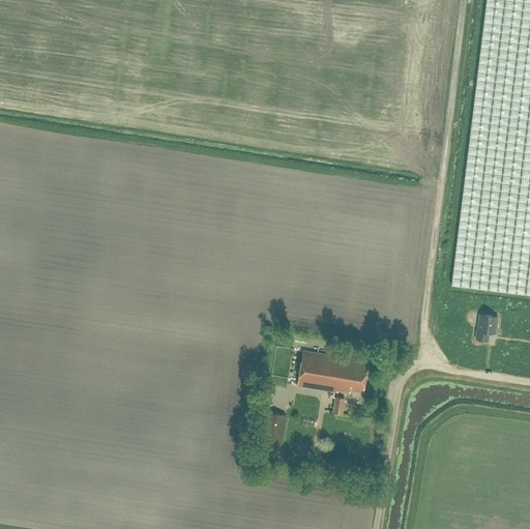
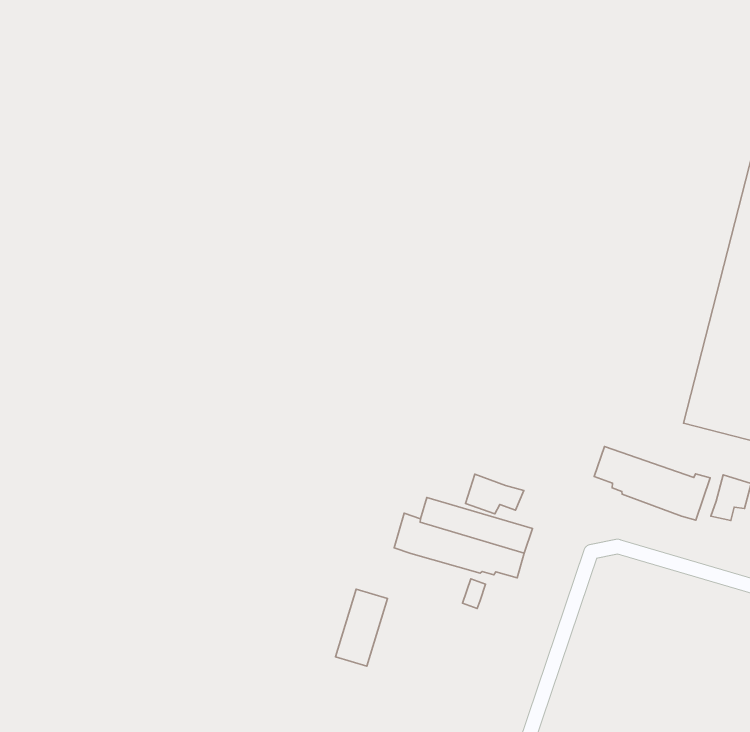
building: none -> [594,446,710,520]
building: none -> [466,474,524,514]

